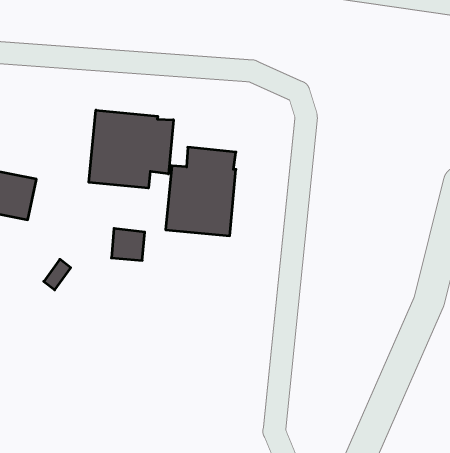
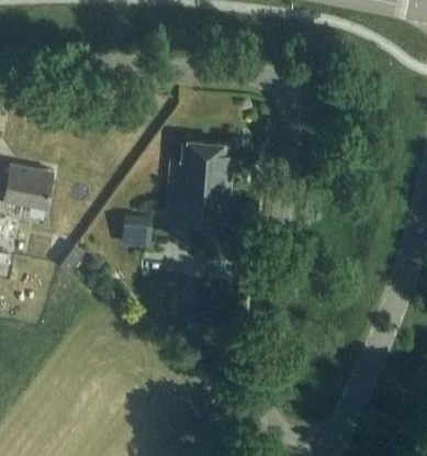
building: [89,110,173,188] -> none

